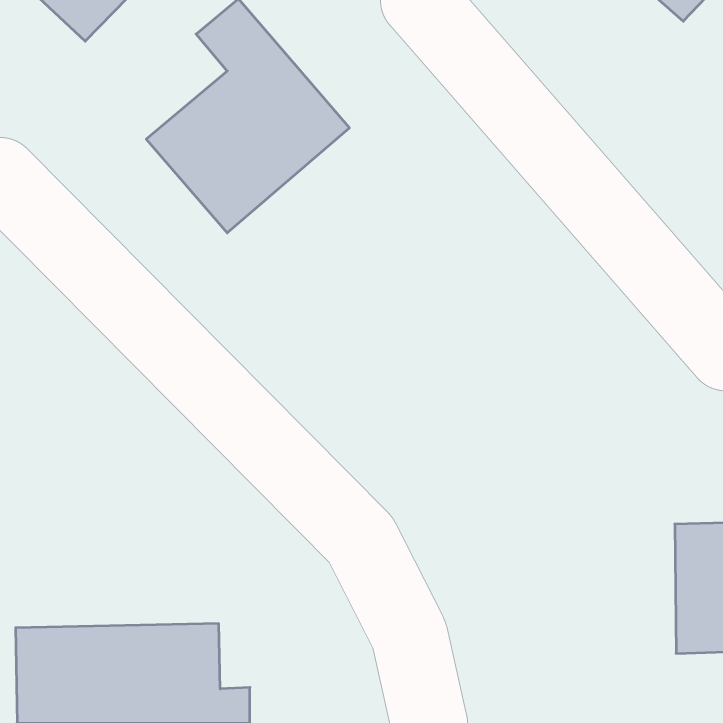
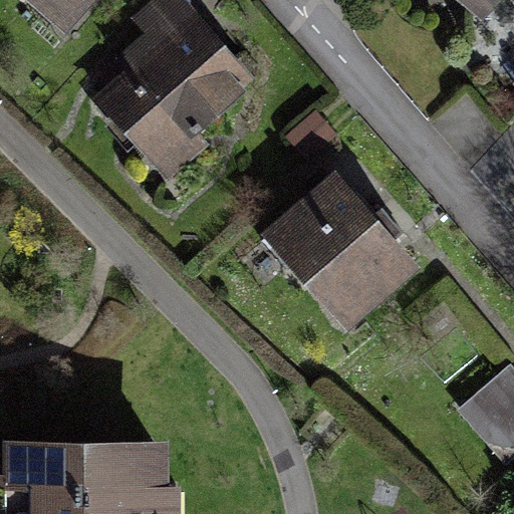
building: none -> [268,183,410,326]

